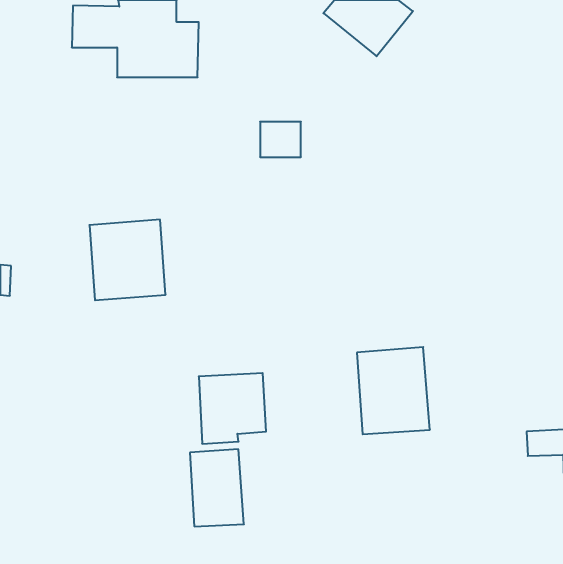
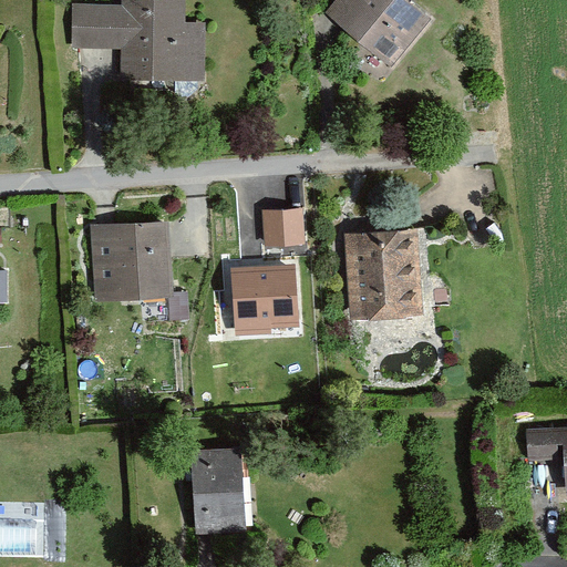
building: [260,122,301,157] -> [267,204,308,239]
building: [357,347,430,434] -> [344,227,417,315]
building: [199,373,266,444] -> [233,266,300,337]

